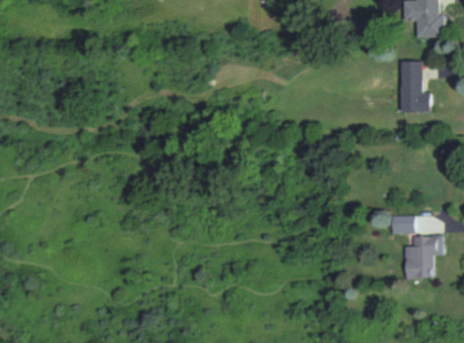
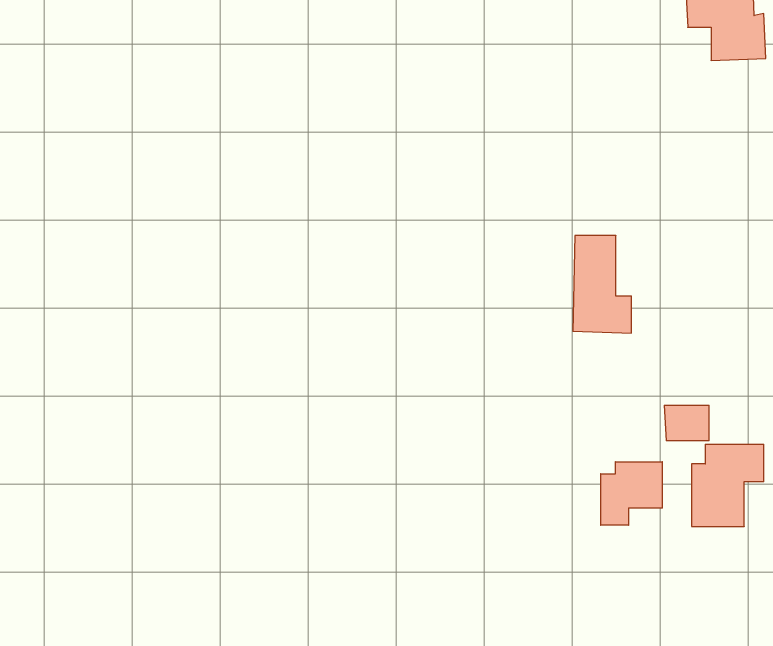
building: [399,62,430,112] -> [573,236,631,333]
building: none -> [601,462,662,525]

